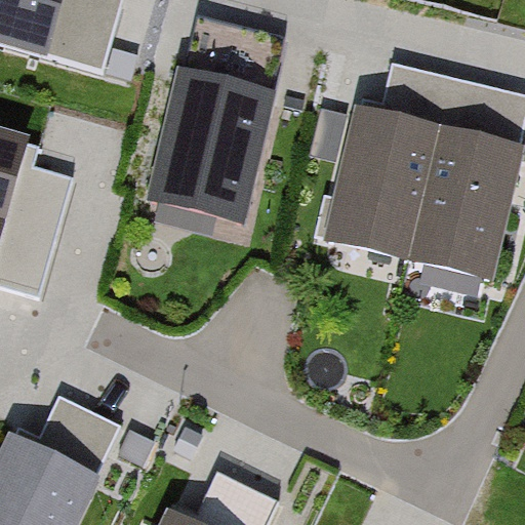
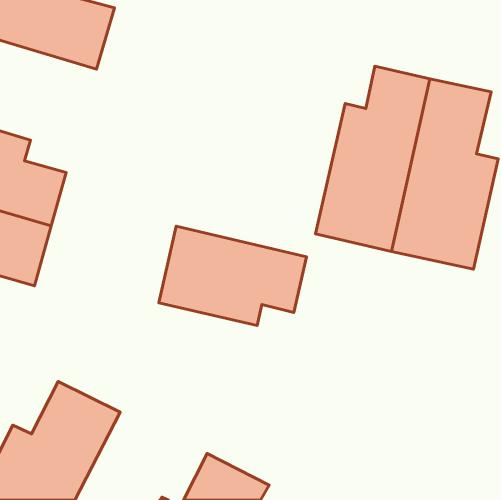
building: [152,23,279,224] -> none
building: none -> [159,226,306,325]

